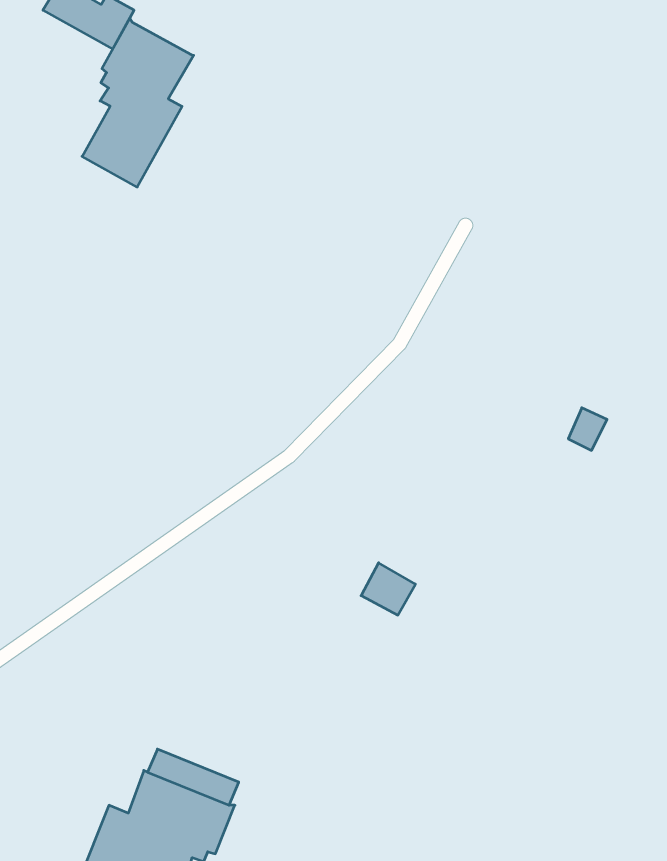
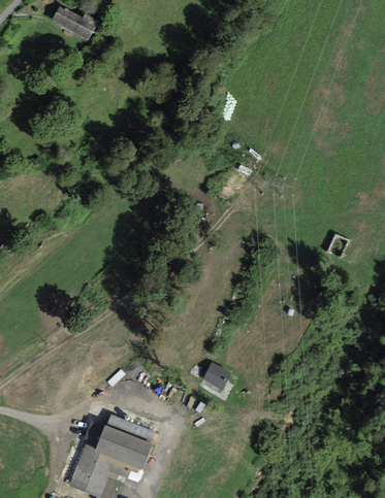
building: [82,18,194,187] -> none
building: [361,563,415,615] -> [201,362,230,390]

